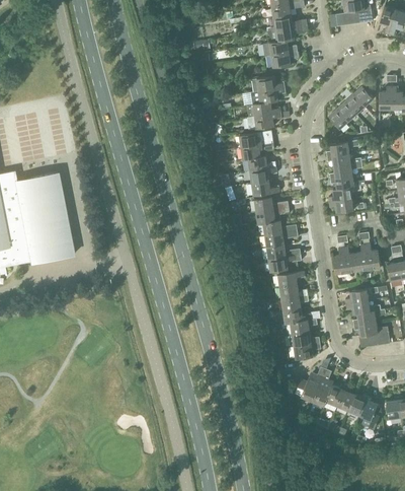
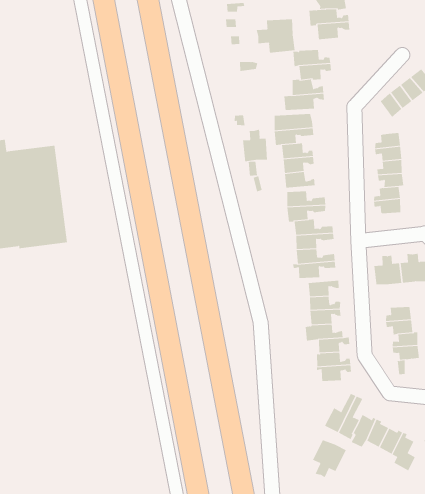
building: none -> [256,19,295,54]
building: none -> [243,129,268,162]
building: none -> [312,438,346,478]

